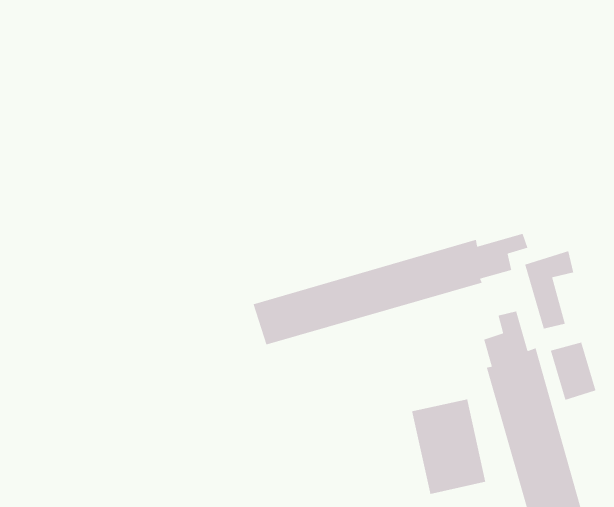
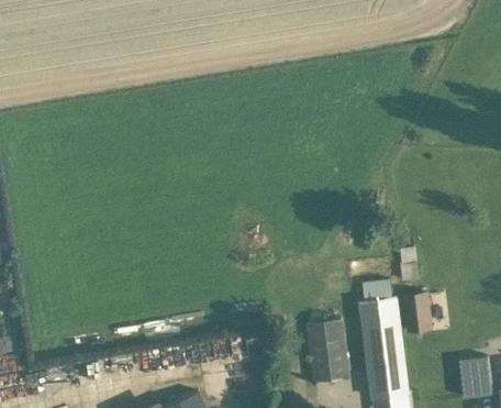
building: [253,233,529,345] -> none

